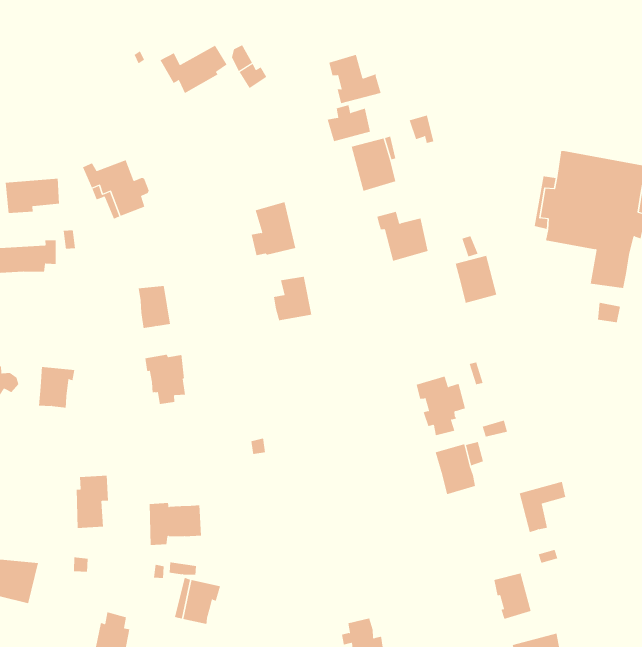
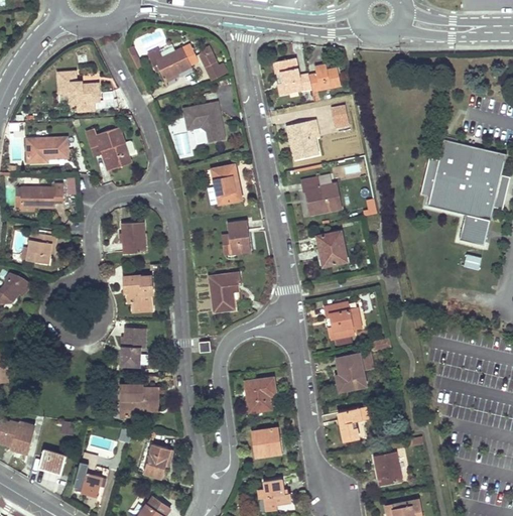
building: none -> [57,70,99,110]
building: [327,105,371,142] -> [308,66,341,93]
building: none -> [182,102,225,143]
building: [455,255,497,304] -> [316,232,347,267]
building: none -> [209,273,240,312]
building: [38,366,75,408] -> [26,232,55,264]
building: [76,475,109,528] -> [120,329,145,367]
building: [519,481,566,533] -> [338,405,373,442]
building: none -> [246,378,275,412]
building: none -> [251,428,280,458]
building: none -> [37,449,65,474]

